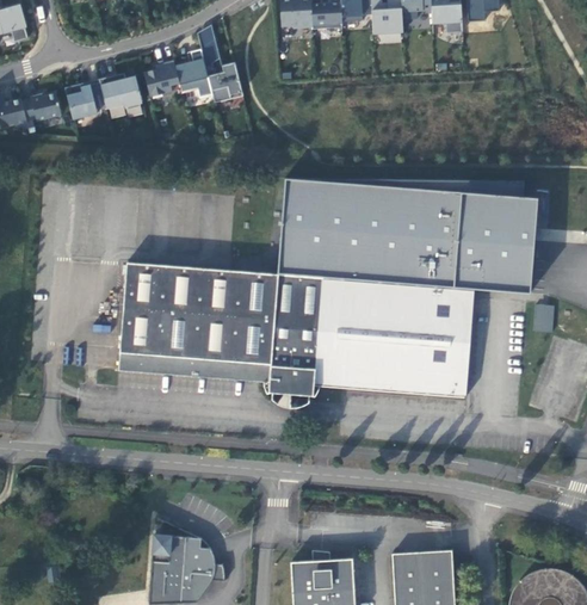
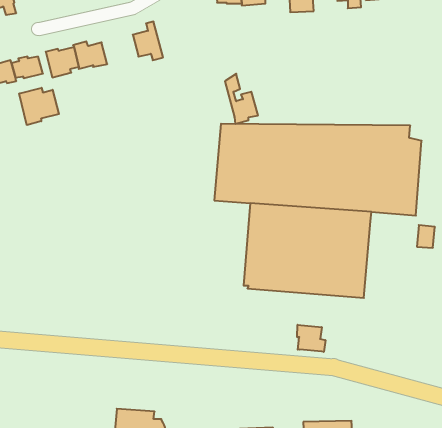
building: [202,39,243,103] -> [225,74,258,124]
building: [144,60,180,97] -> none
building: none -> [19,88,59,125]
building: [121,264,323,396] -> none
building: none -> [297,325,325,352]

